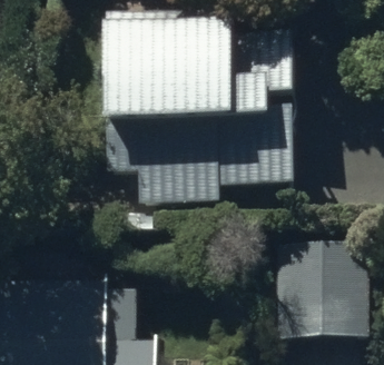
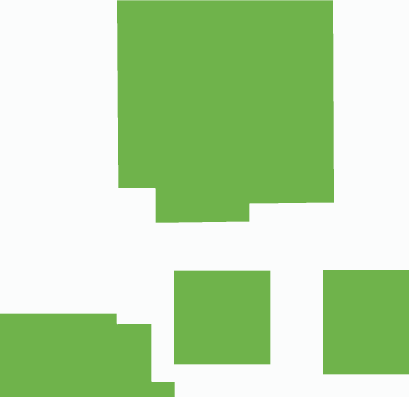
building: none -> [174,270,271,365]

